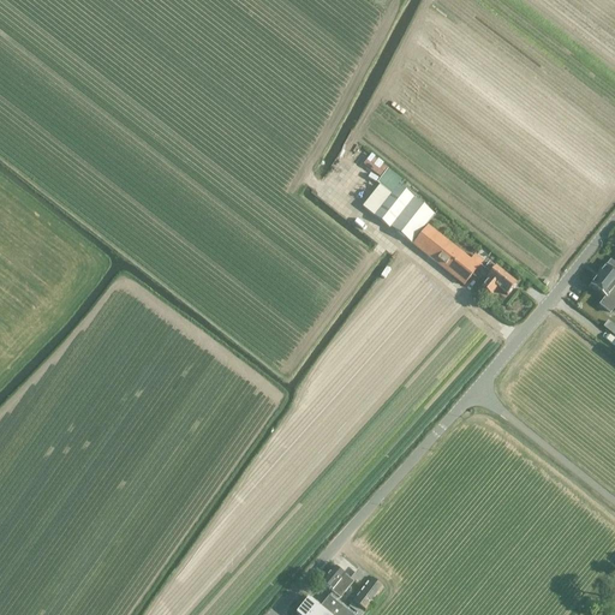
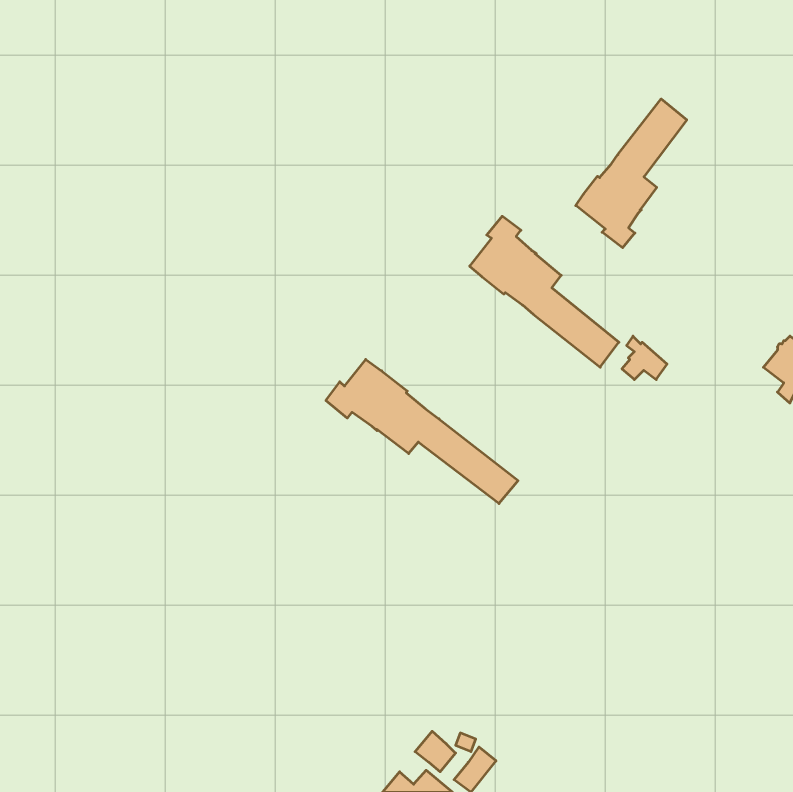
building: none -> [576,99,687,248]
building: none -> [326,359,518,504]

